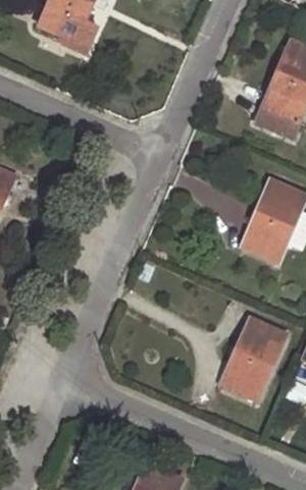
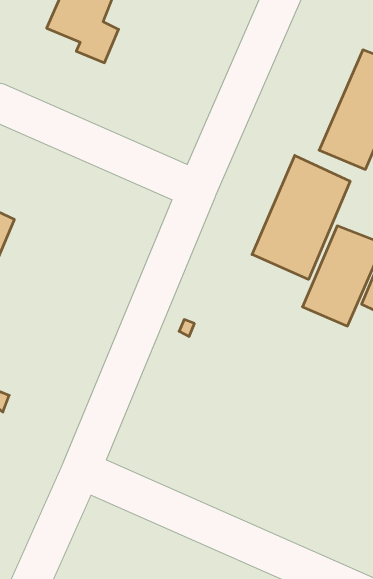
building: none -> [252,155,350,279]
building: [221,319,285,398] -> none

